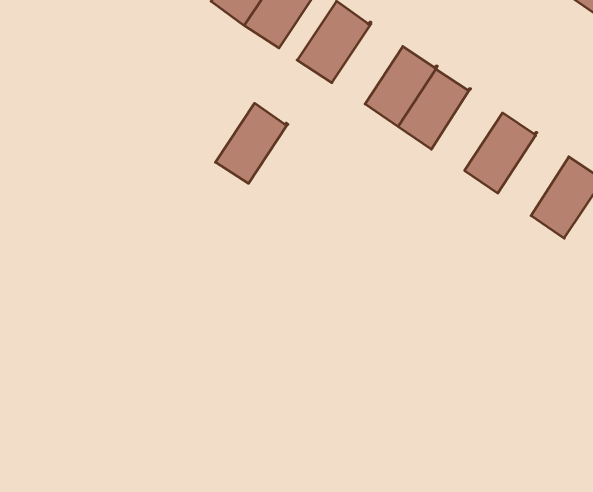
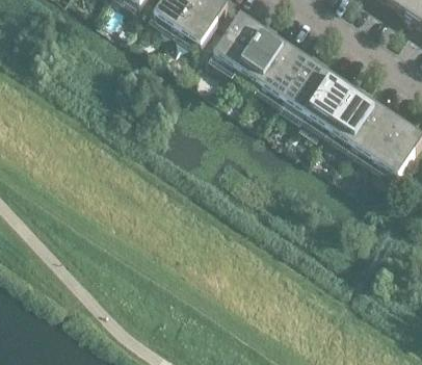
building: none -> [304,75,353,130]
building: [215,103,288,183] -> [235,29,285,84]
building: none -> [349,106,399,161]

